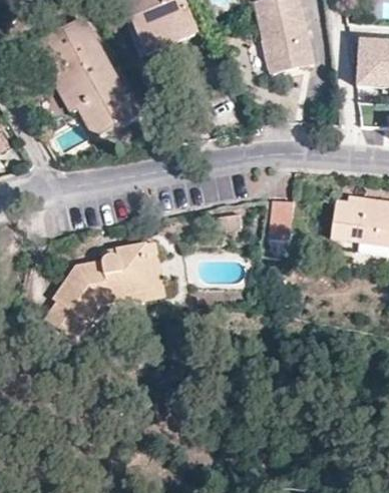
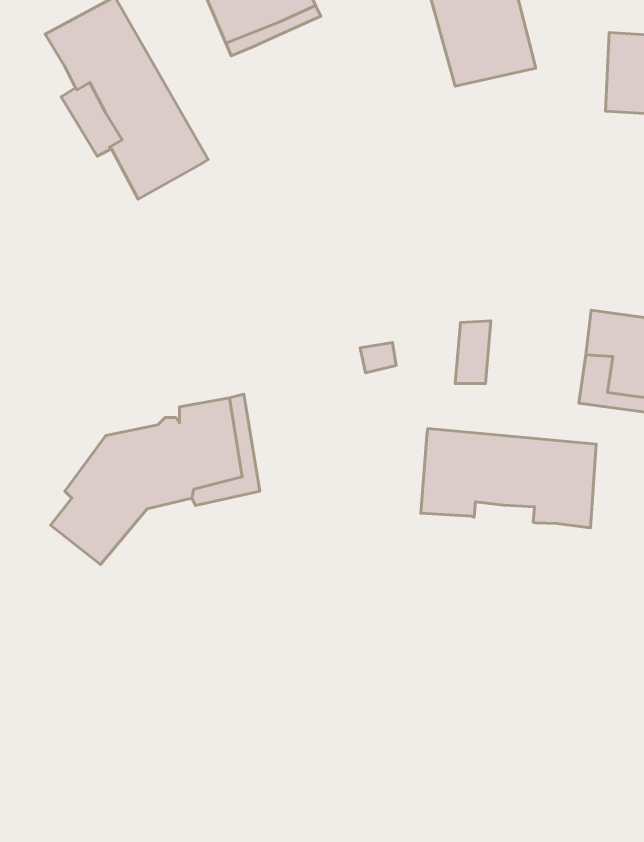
building: none -> [421,429,596,528]

